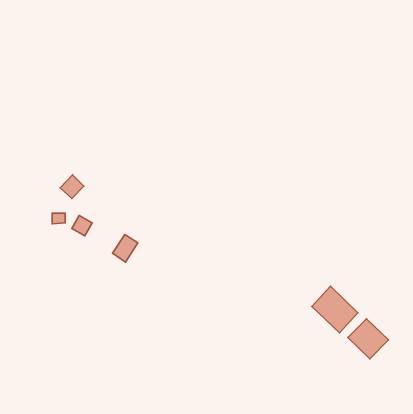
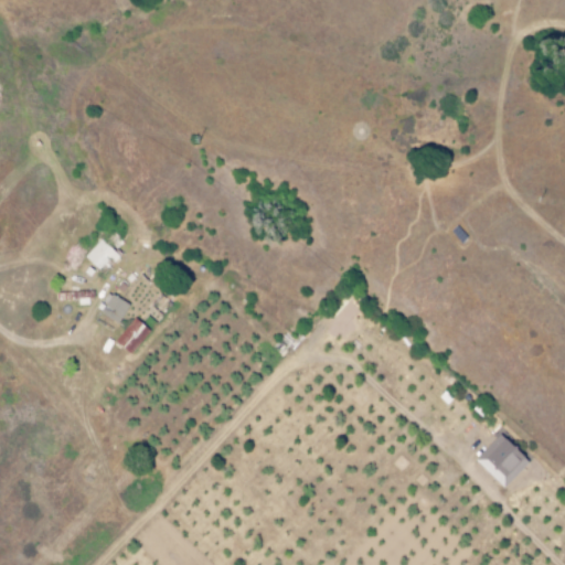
building: [113,235,138,262] -> [116,317,150,354]
building: [312,286,358,333] -> none

